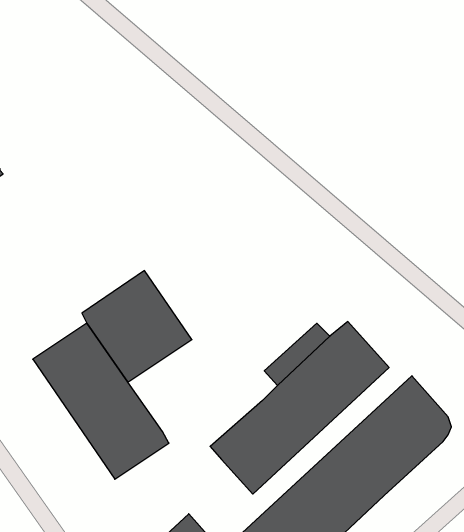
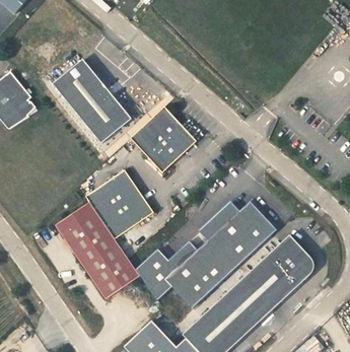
building: none -> [52,59,131,143]
building: none -> [129,107,196,172]
building: none -> [135,240,197,300]

